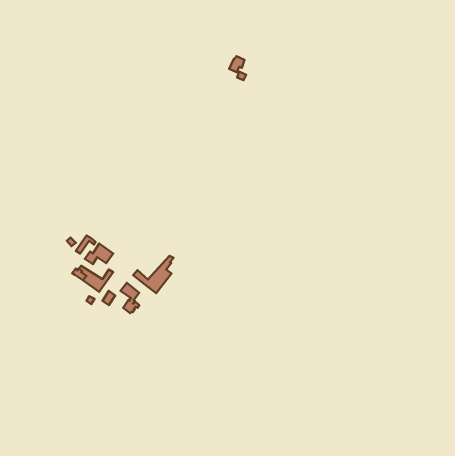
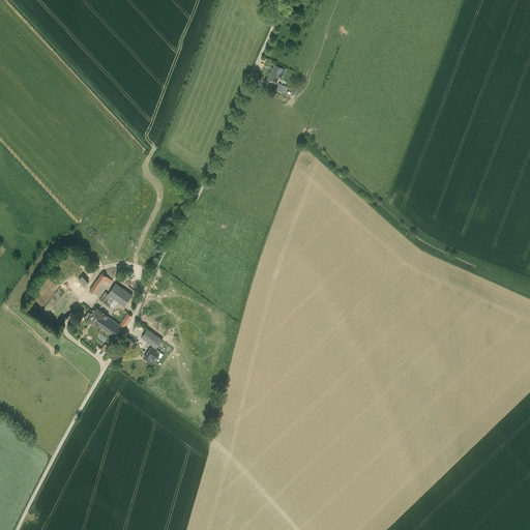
building: [133,256,173,293] -> none

